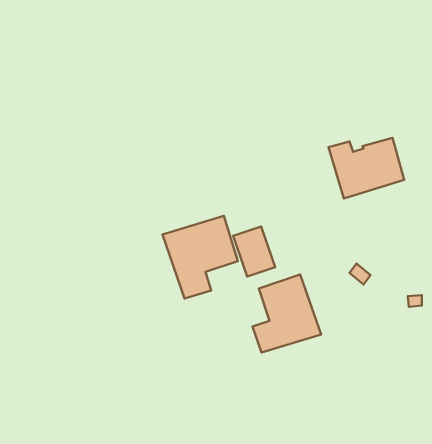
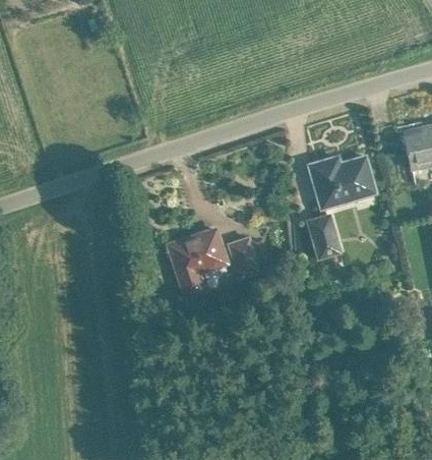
building: none -> [306,212,343,260]
building: [253,274,321,353] -> none

